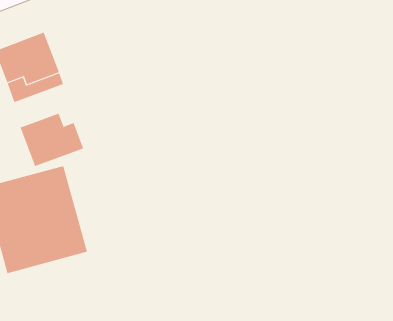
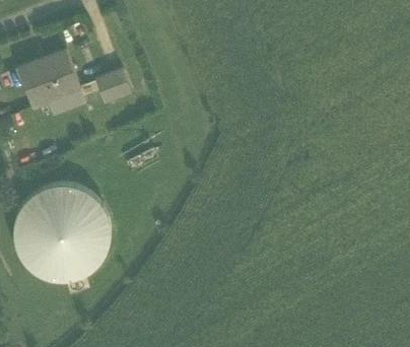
building: none -> [90,69,125,100]
building: [20,113,84,167] -> none

